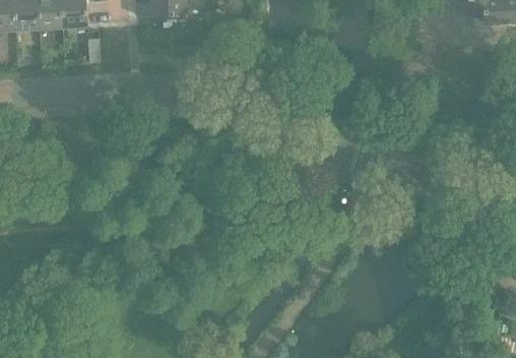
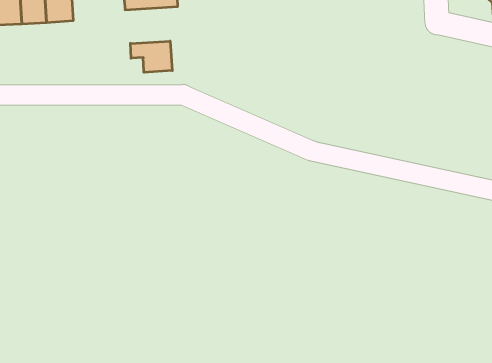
building: none -> [130,41,172,72]

